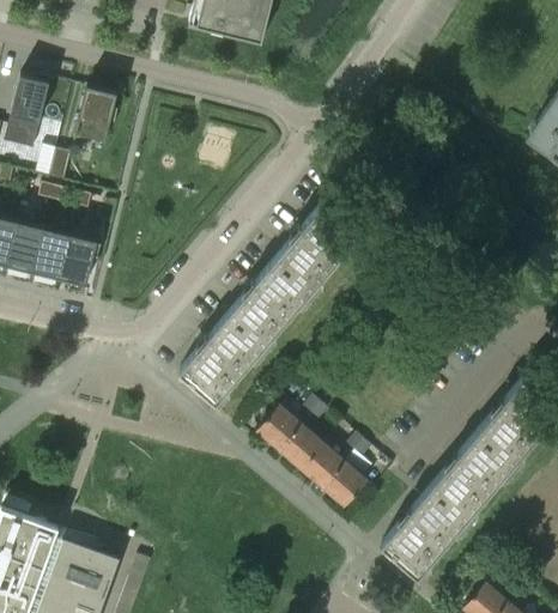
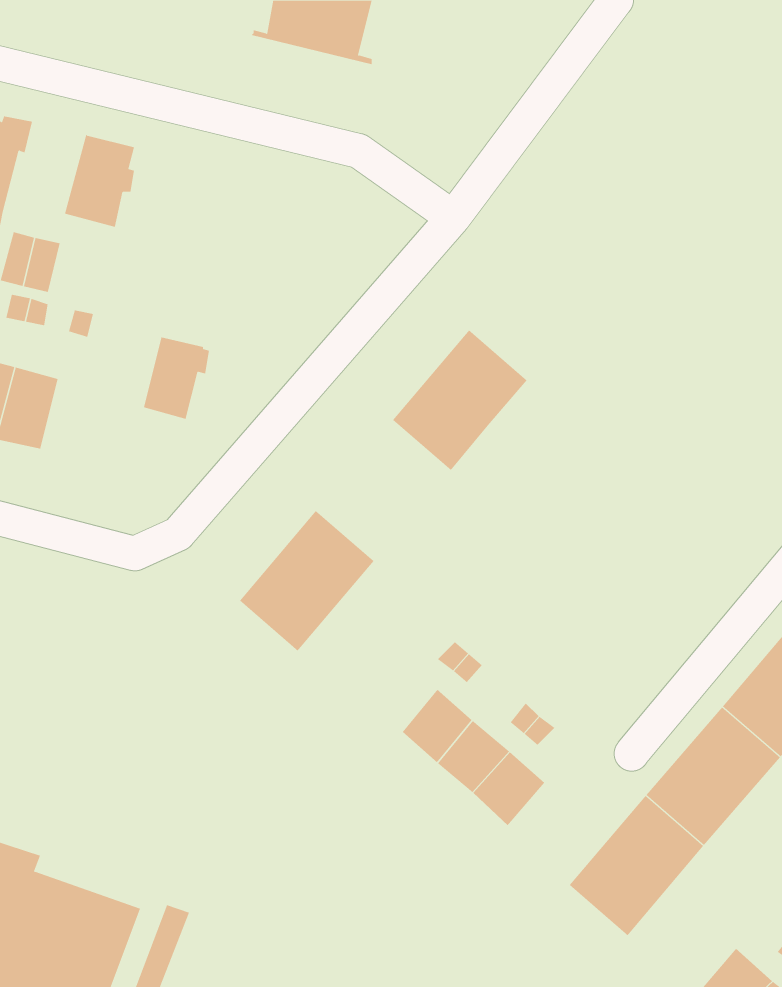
building: [59,235,99,285] -> [143,337,210,419]
building: [226,260,309,346] -> none
building: [256,405,301,450] -> none

